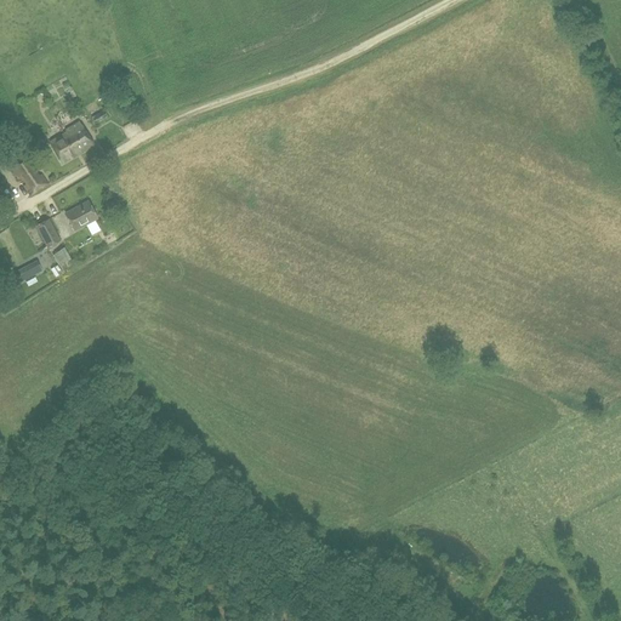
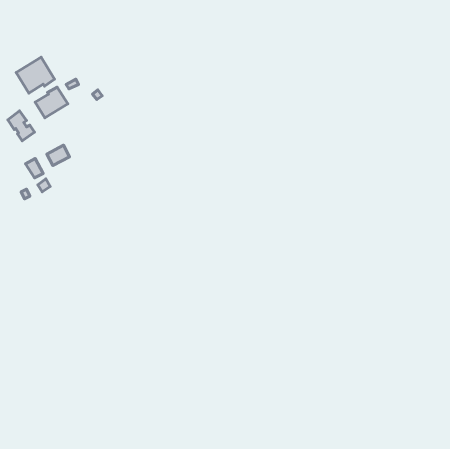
building: none -> [16,57,54,93]

